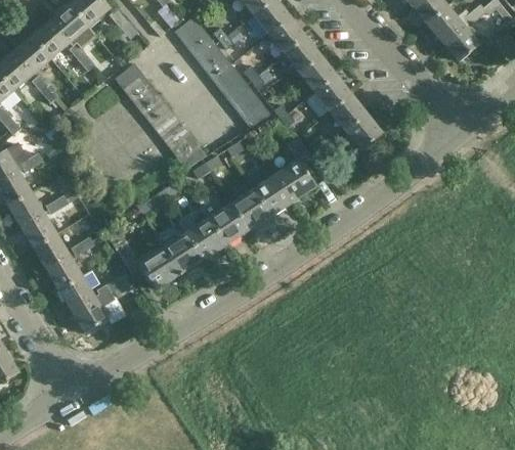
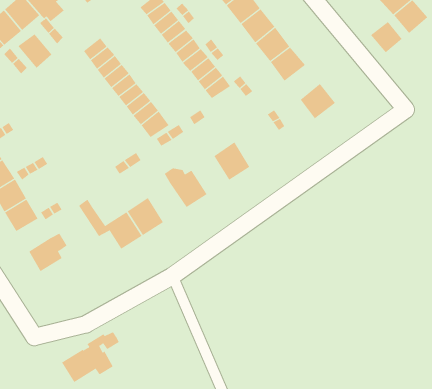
building: none -> [370,21,403,53]
building: none -> [18,33,52,68]
building: [328,93,366,130] -> none
building: [275,138,315,200] -> none
building: [230,189,269,229] -> none
building: [184,218,224,259] -> none
building: [45,255,81,289] -> none
building: [71,278,132,332] -> [61,331,119,383]

